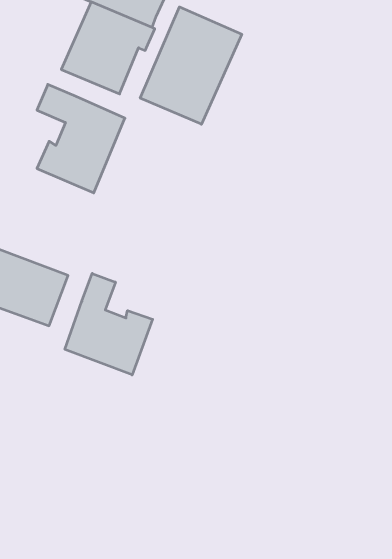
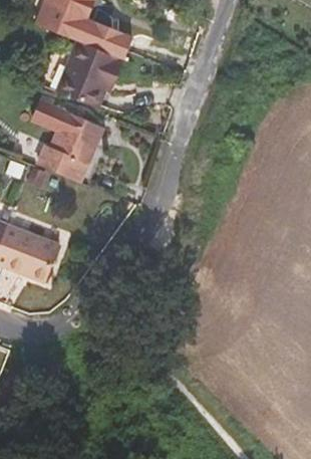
building: [140,7,242,124] -> none
building: [65,273,153,375] -> none

